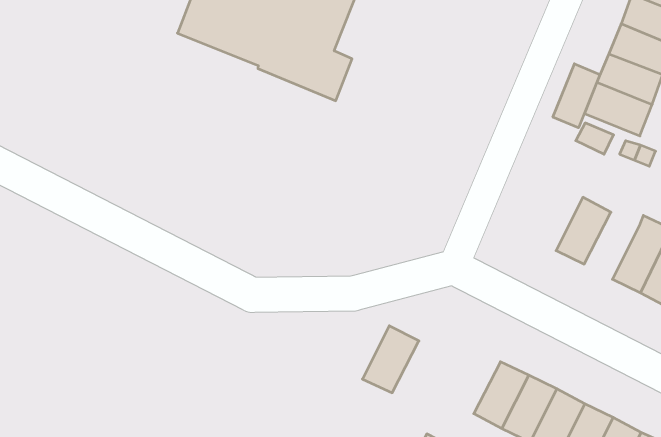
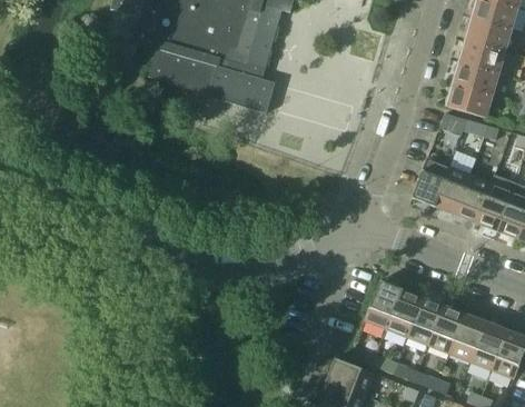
building: [553,64,600,128] -> none
building: none -> [412,158,449,206]
building: none -> [455,175,492,222]
building: [362,326,419,393] -> [364,280,402,328]

